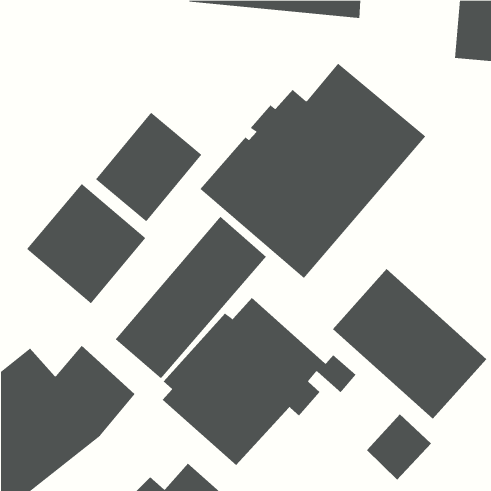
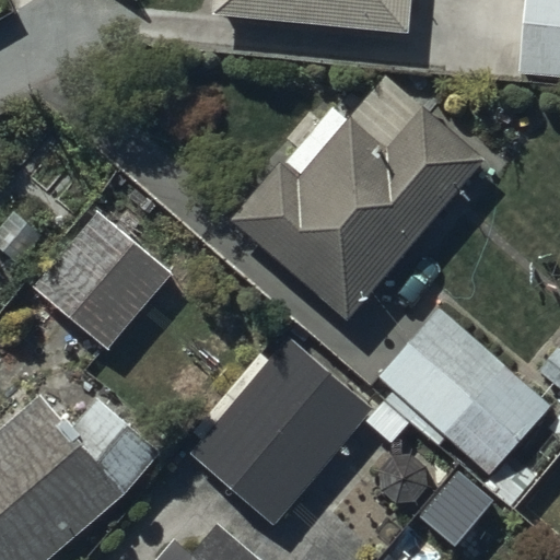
building: [95,112,202,222] -> none
building: [115,216,267,379] -> none

